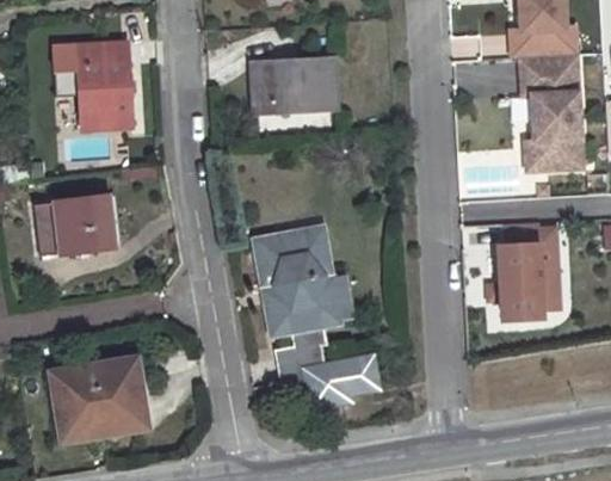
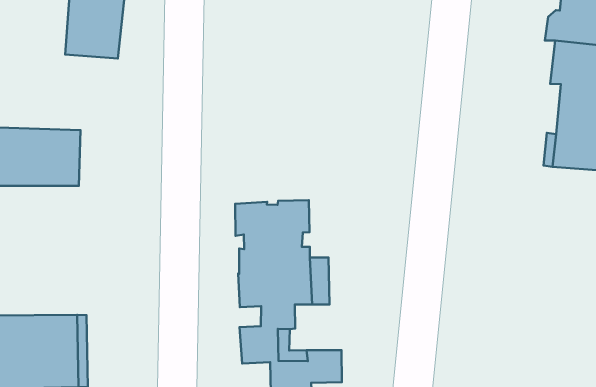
building: [251,60,337,113] -> none
building: [499,221,558,317] -> none

